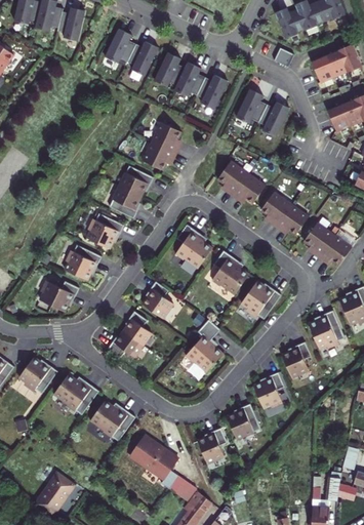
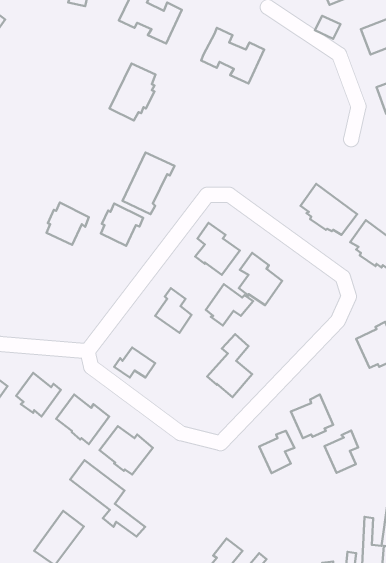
building: [158,50,189,84] -> none
building: [237,91,290,139] -> none
building: [145,124,184,172] -> [110,64,156,121]
building: [219,162,267,206] -> none
building: [67,244,103,280] -> [47,202,89,245]
building: [241,280,281,315] -> [206,284,253,325]
building: [41,281,80,311] -> none
building: [119,311,148,345] -> none
building: [282,340,311,376] -> [324,430,358,473]
building: [197,426,227,461] -> none
building: [133,435,197,499] -> [70,460,145,536]

